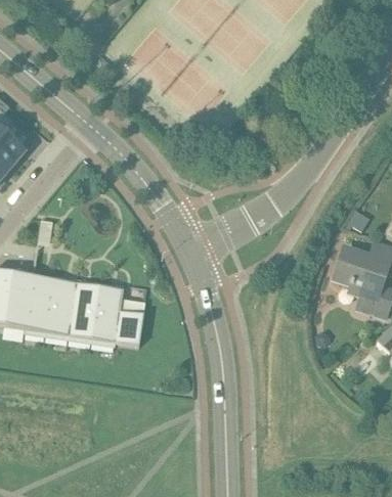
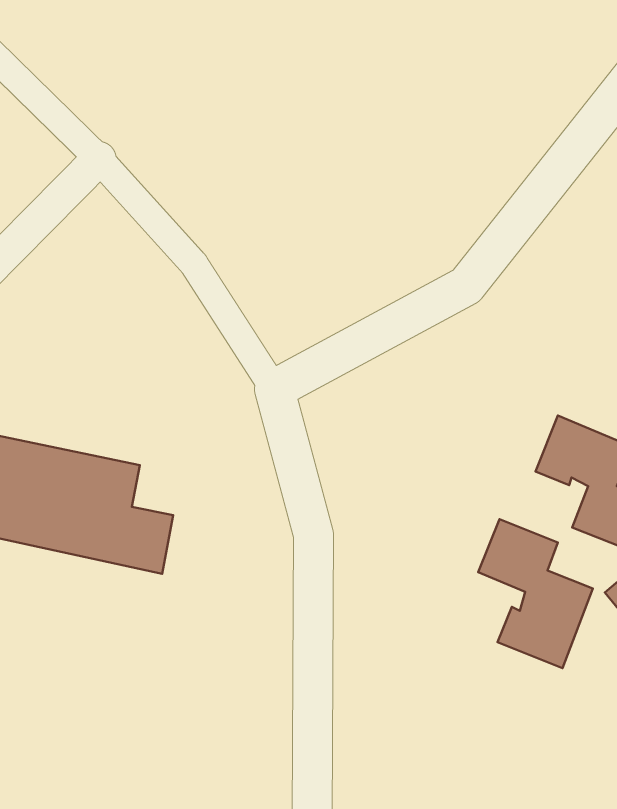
building: none -> [478,519,593,668]

